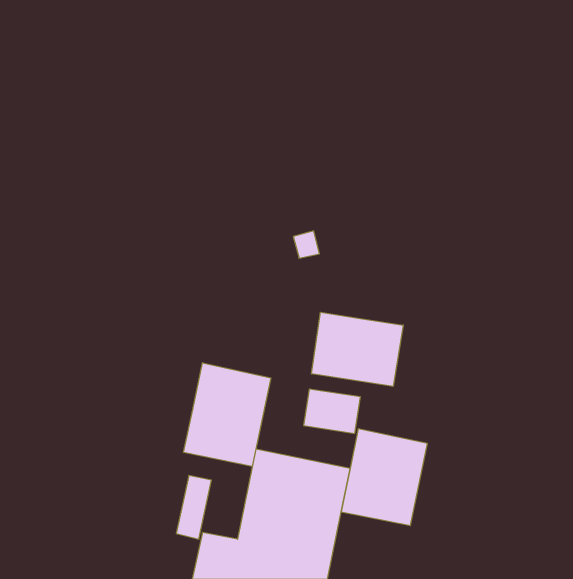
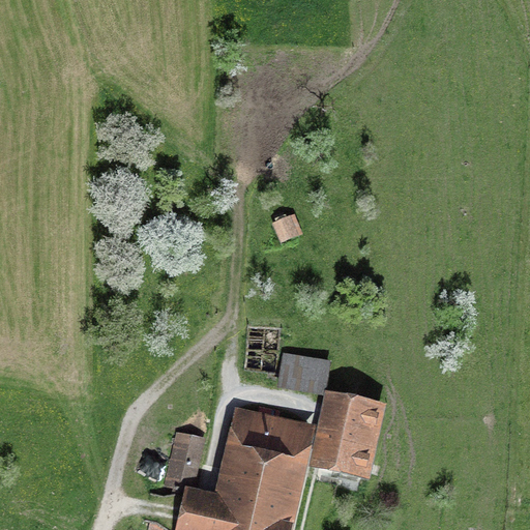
building: [312,312,403,386] -> none
building: [184,363,271,466] -> none

